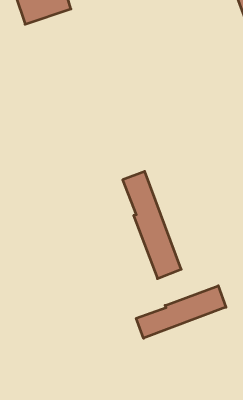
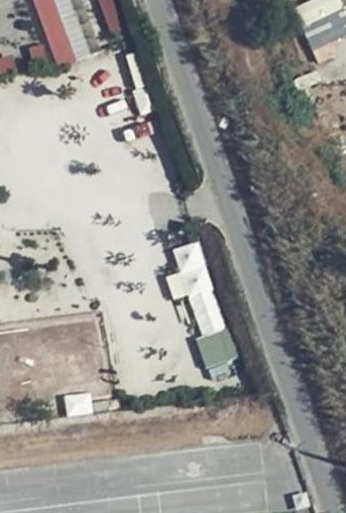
building: [136,286,226,338] -> none

